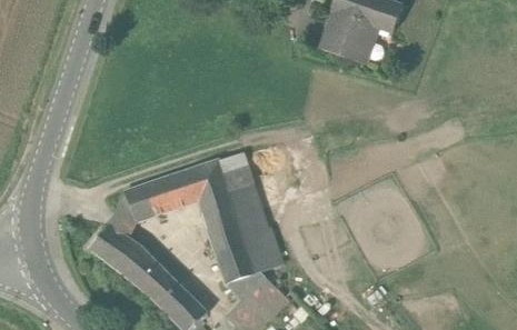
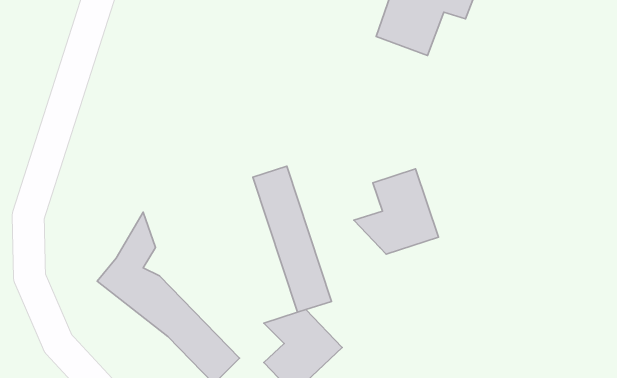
building: none -> [354,169,439,254]
building: [127,162,253,282] -> none

